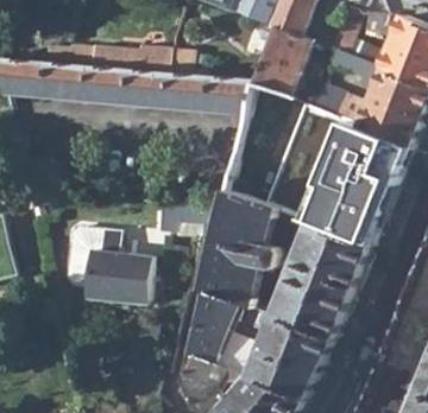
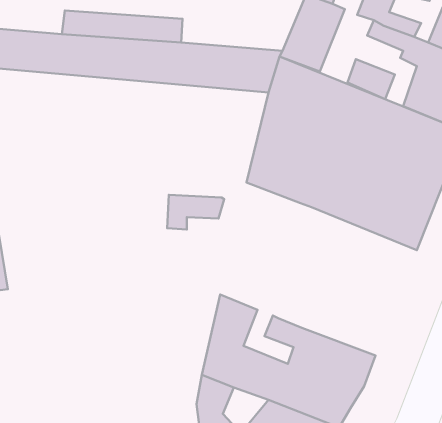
building: [200,188,277,304] -> none
building: [270,209,369,336] -> none
building: [64,227,150,303] -> none

